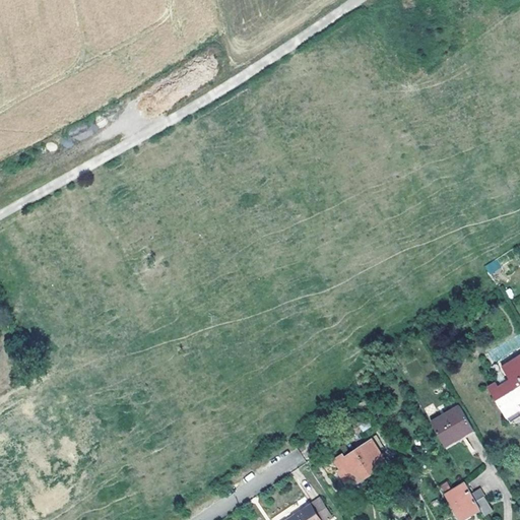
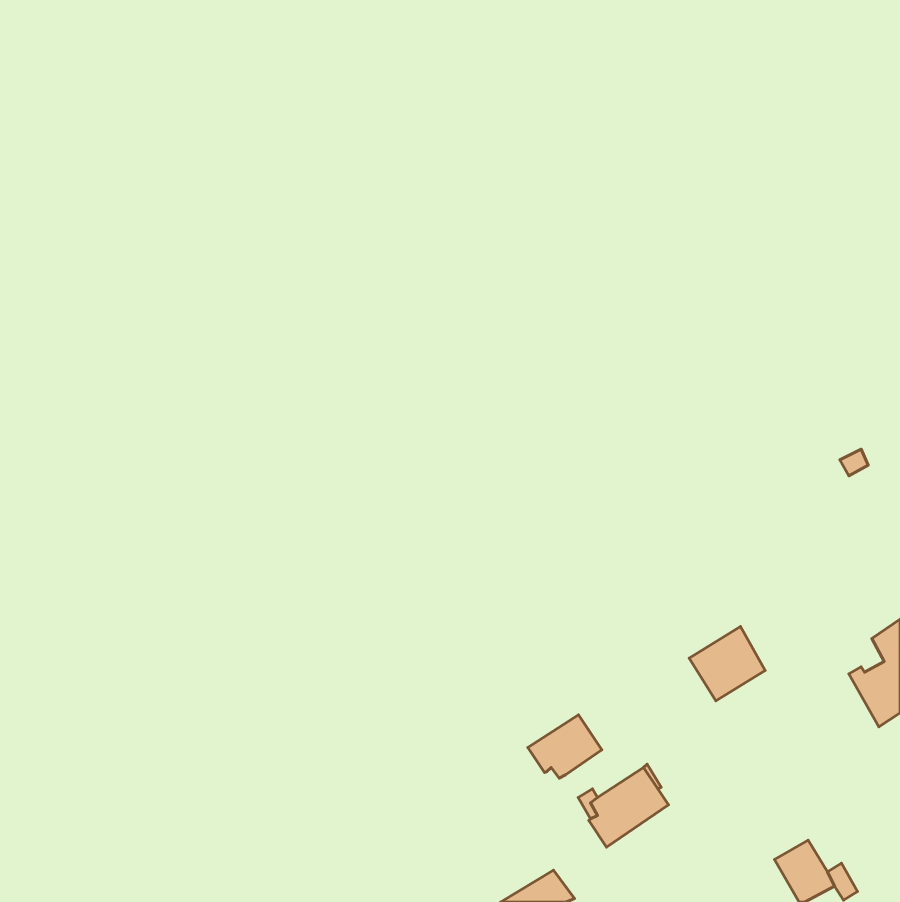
building: [429,404,472,447] -> [689,626,765,701]
building: none -> [528,715,602,778]

